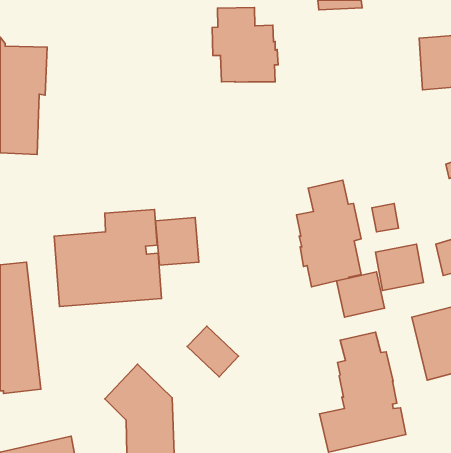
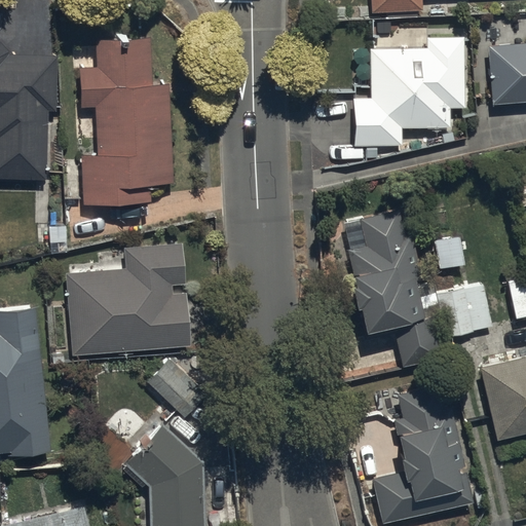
building: [212,7,278,82] -> none
building: none -> [79,35,174,203]
building: none -> [354,37,465,147]
building: [156,218,199,265] -> none
building: [187,326,239,377] -> [147,359,206,417]

